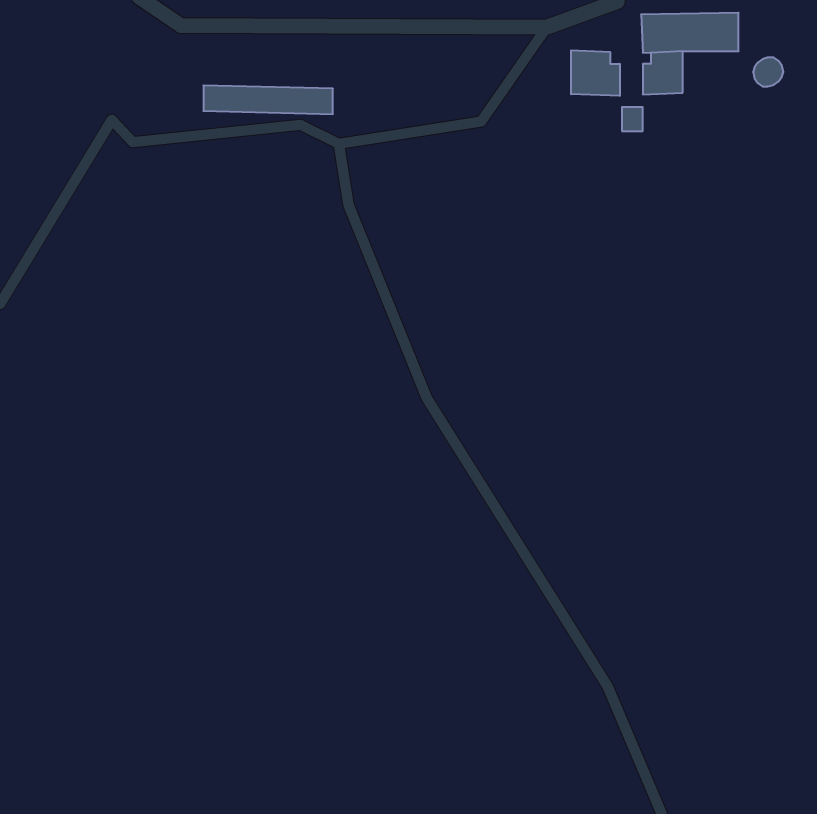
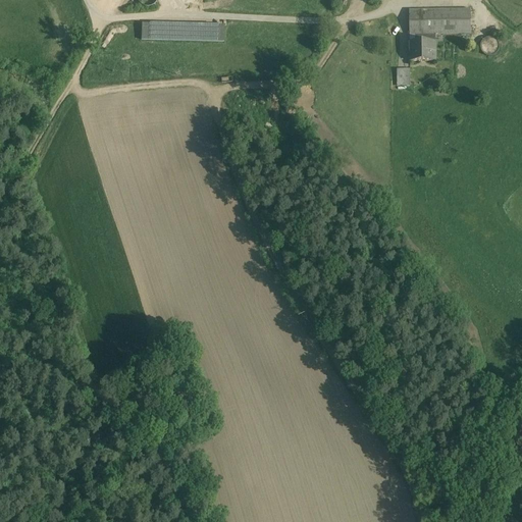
building: [571,50,620,96] -> none
building: [203,85,333,114] -> [142,21,224,40]

